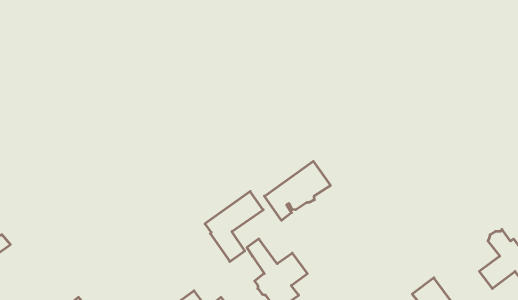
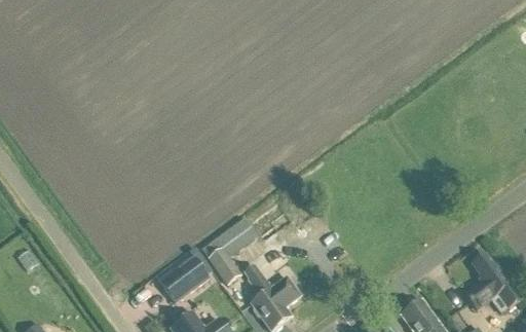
building: [264,161,330,220] -> none
building: none -> [160,245,212,300]

